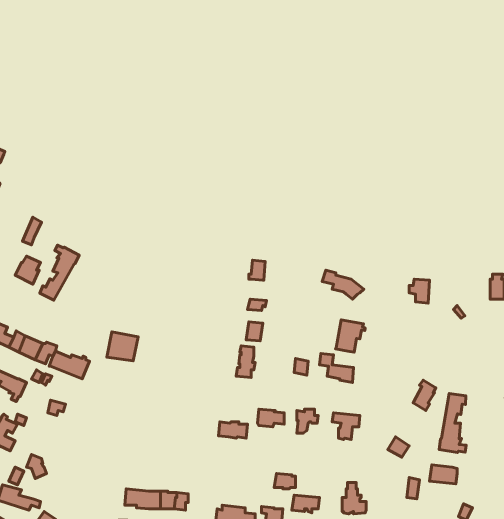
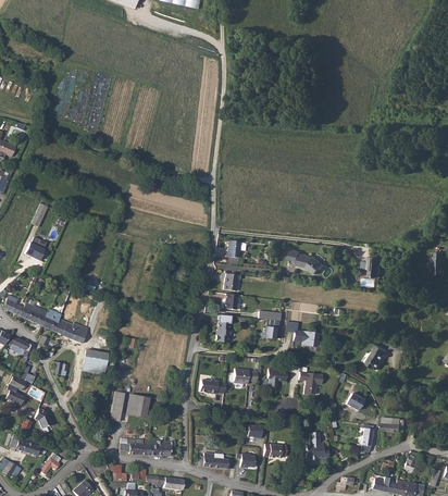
building: [40,245,79,300] -> none
building: [335,320,365,352] -> none
building: [107,332,138,361] -> [80,349,108,374]
building: [439,394,466,452] -> none
building: none -> [110,392,149,423]

